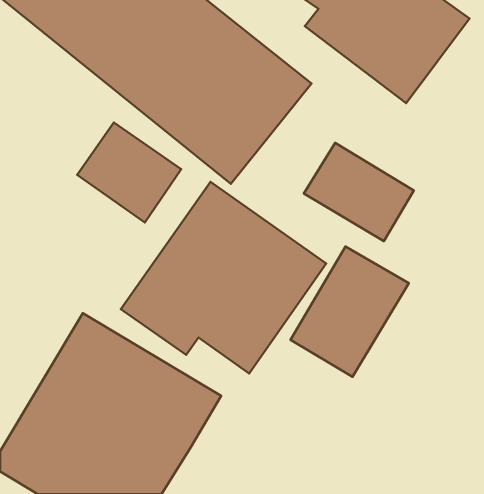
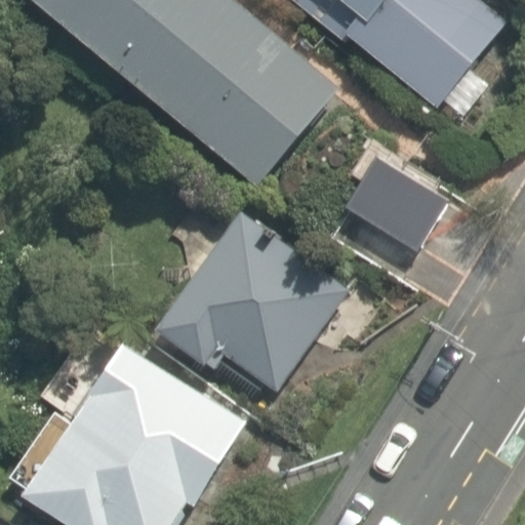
building: [77,123,181,222] -> none
building: [290,246,409,377] -> none

